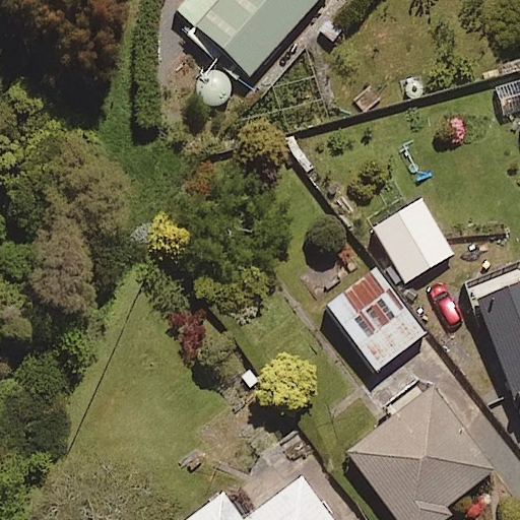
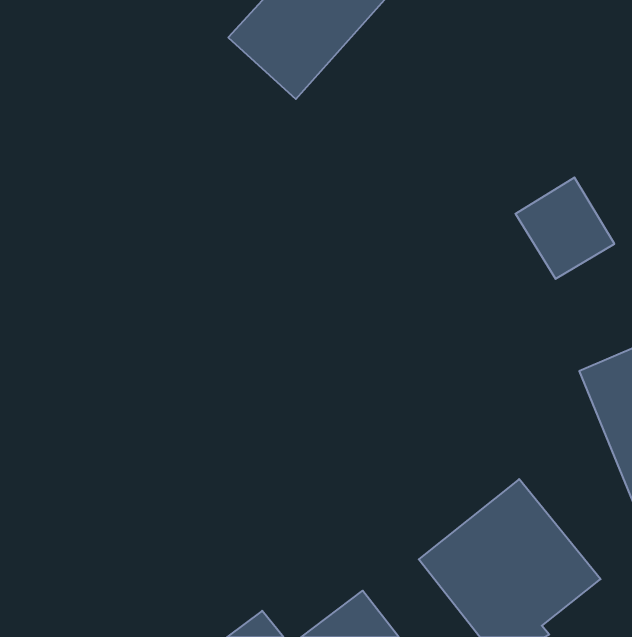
building: [374,199,454,281] -> [515,177,614,279]
building: [325,268,424,370] -> none

